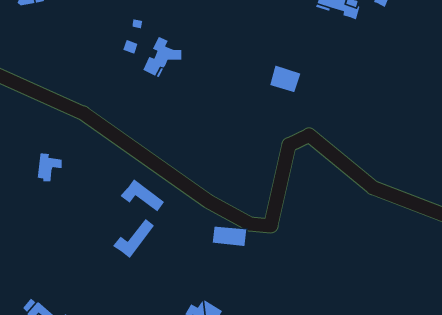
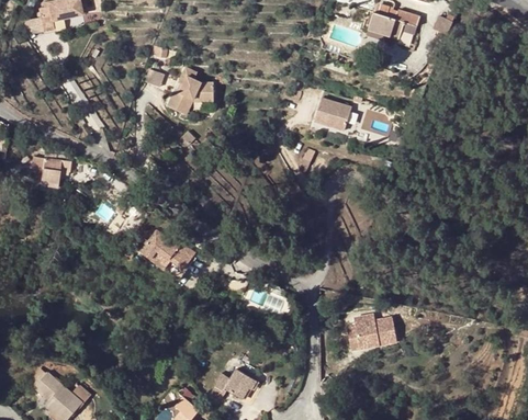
building: [37,153,63,182] -> [41,155,70,189]
building: [112,218,155,259] -> none
building: none -> [345,315,395,351]

